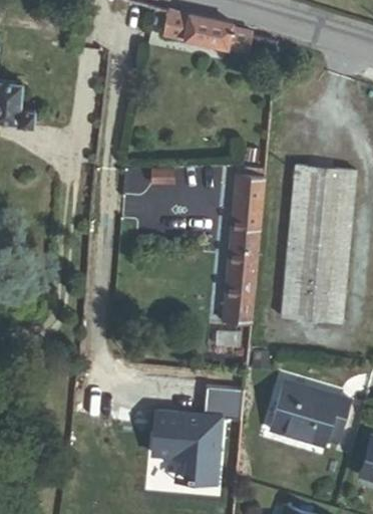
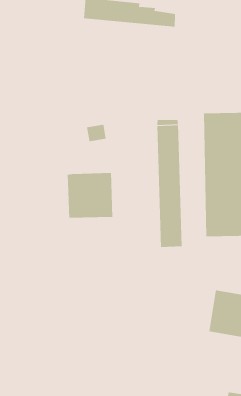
building: none -> [67,172,113,219]
building: [151,387,245,481] -> none

